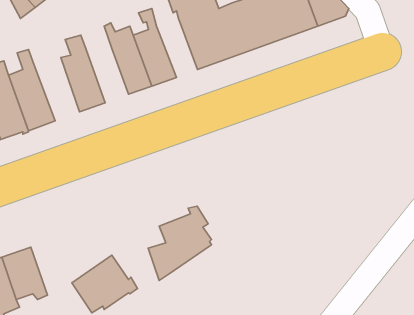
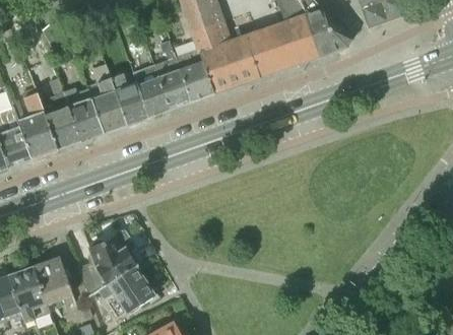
building: none -> [176,49,213,103]
building: none -> [112,73,150,126]
building: none -> [64,84,106,142]
building: [148,206,212,281] -> [79,228,137,296]

